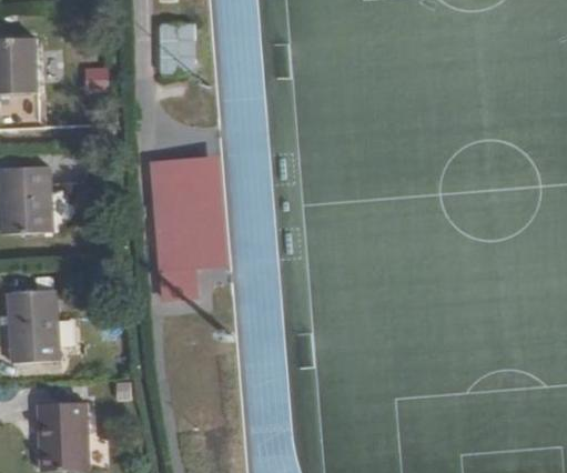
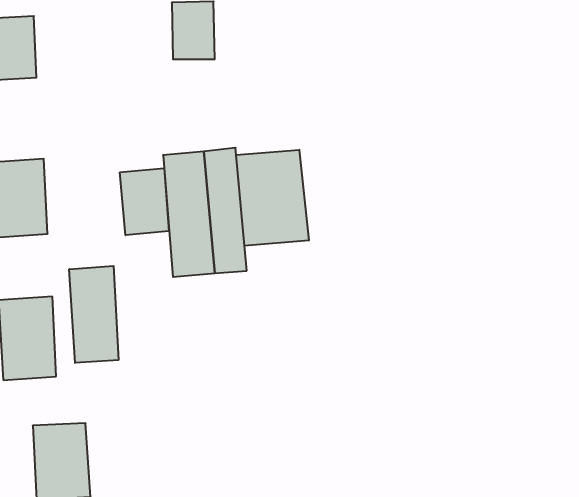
building: none -> [236,150,309,246]
building: none -> [120,168,169,235]
building: none -> [69,266,118,363]

